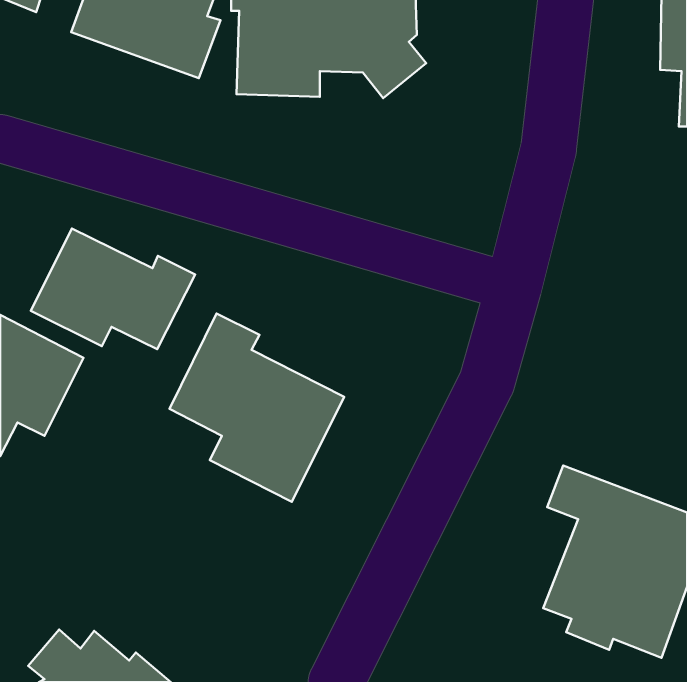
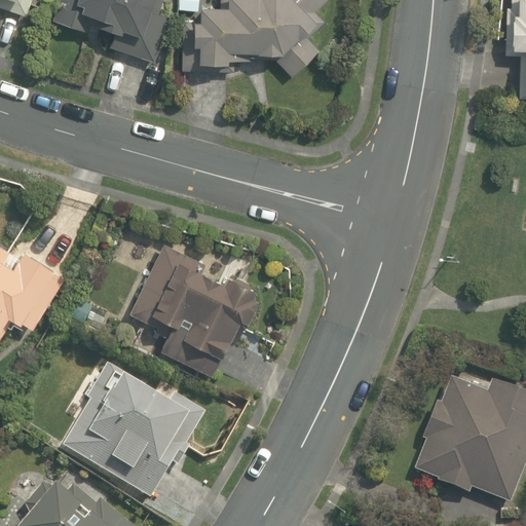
building: [31,228,195,349] -> none
building: none -> [65,362,199,503]

